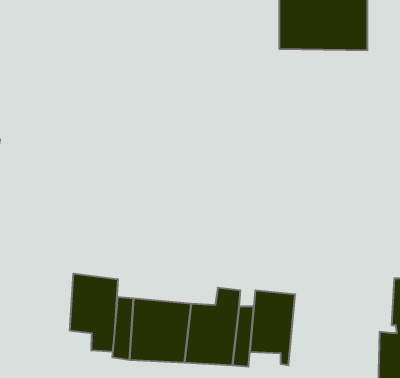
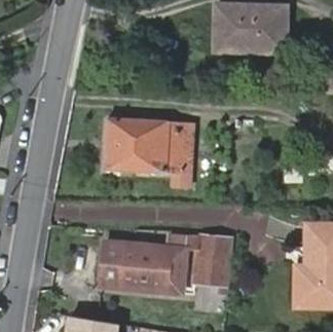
building: none -> [104,118,184,172]
building: [70,273,118,352] -> none

